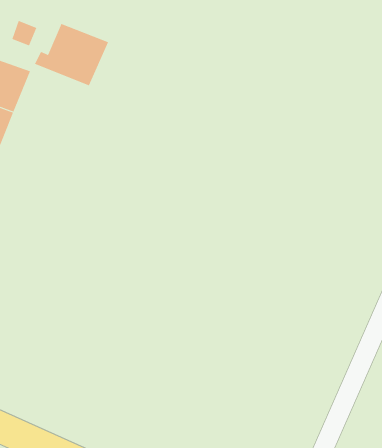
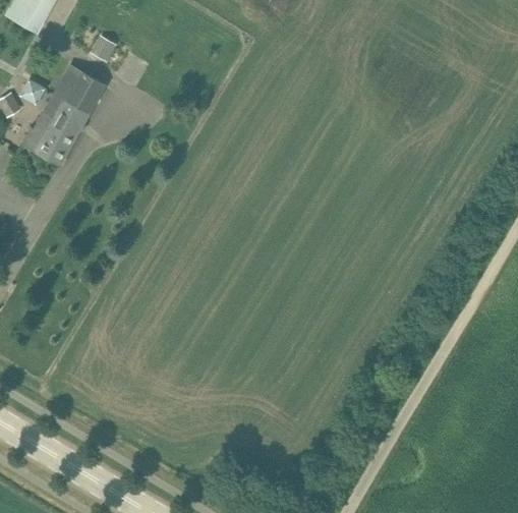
building: [34,23,109,86] -> none

